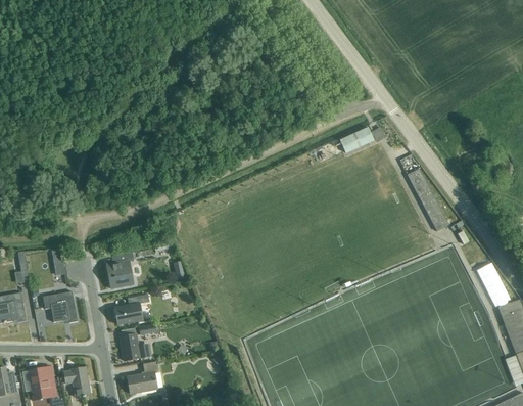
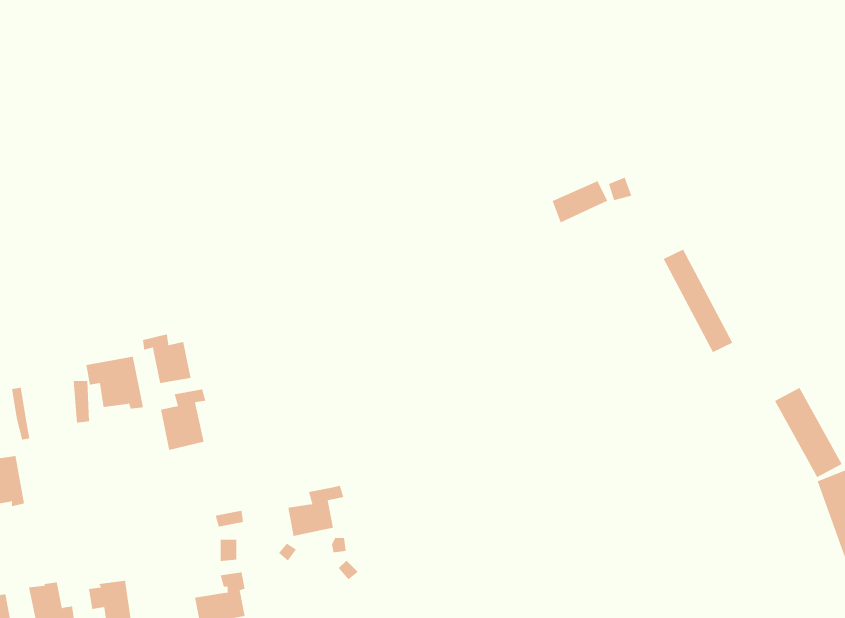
building: none -> [142,333,191,384]
building: [43,290,78,322] -> [86,356,144,409]
building: [115,294,149,324] -> [288,485,344,536]
building: [121,333,140,360] -> none

